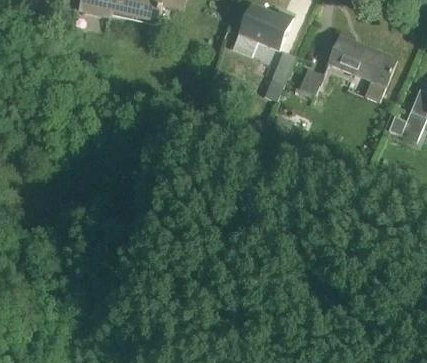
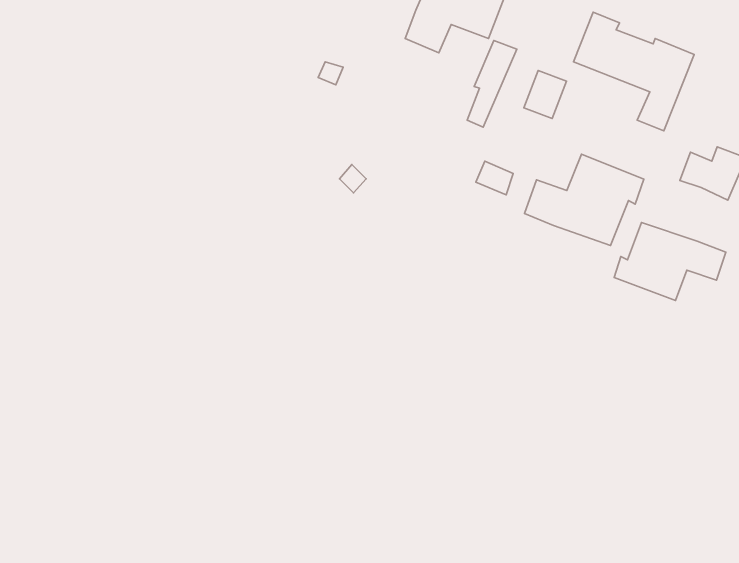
building: none -> [524,154,644,246]
building: none -> [614,222,726,300]

